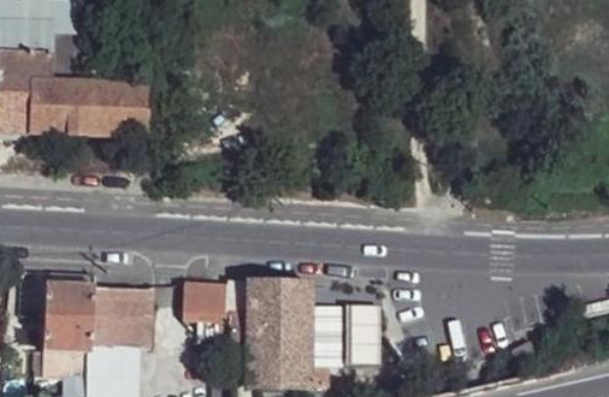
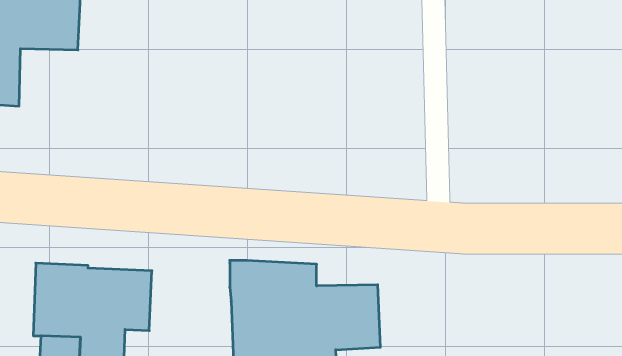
building: [26,79,153,136] -> none
building: [181,279,226,318] -> none

